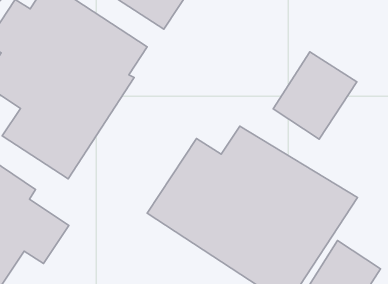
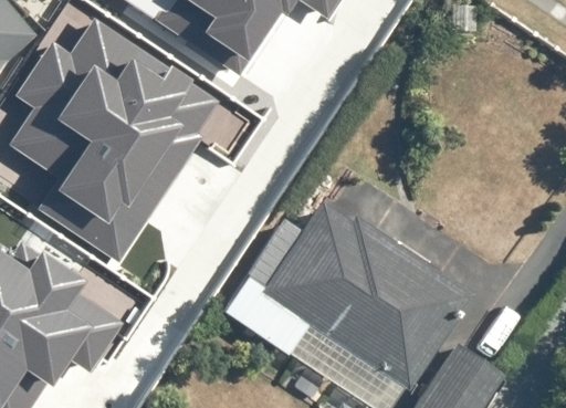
building: [273,52,357,139] -> none

